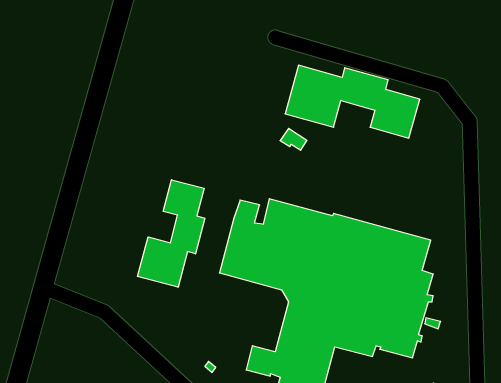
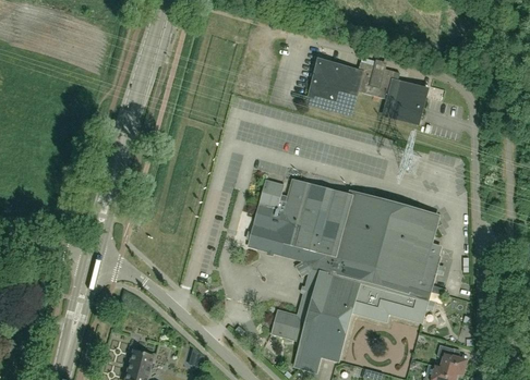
building: [138,180,205,287] -> none

